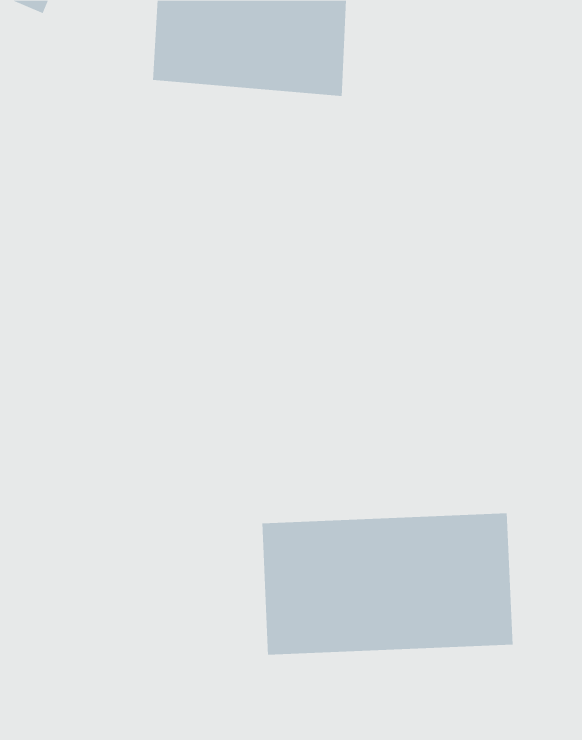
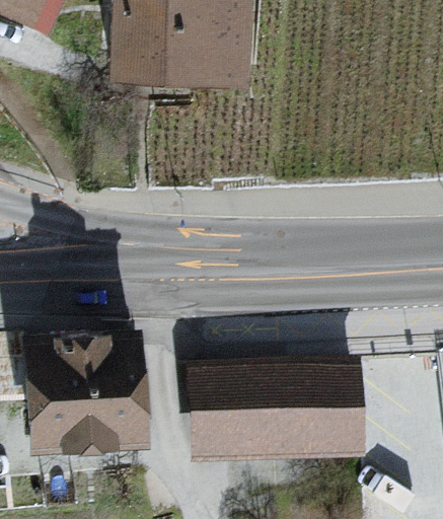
building: none -> [21,341,142,455]

